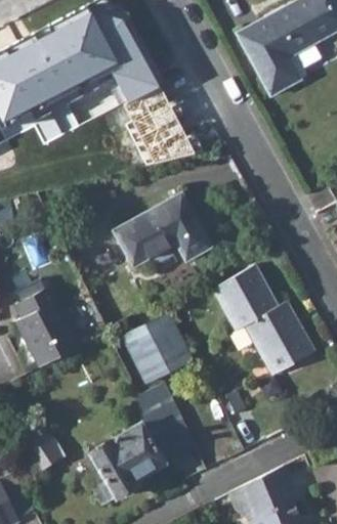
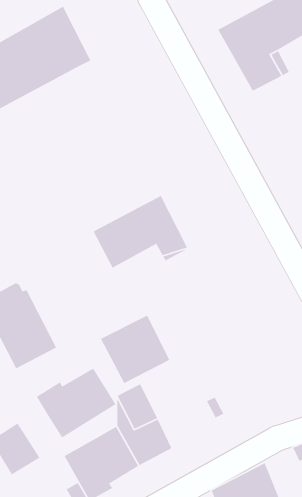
building: [90,14,195,163] -> none
building: [215,267,314,376] -> none
building: none -> [36,368,116,438]

